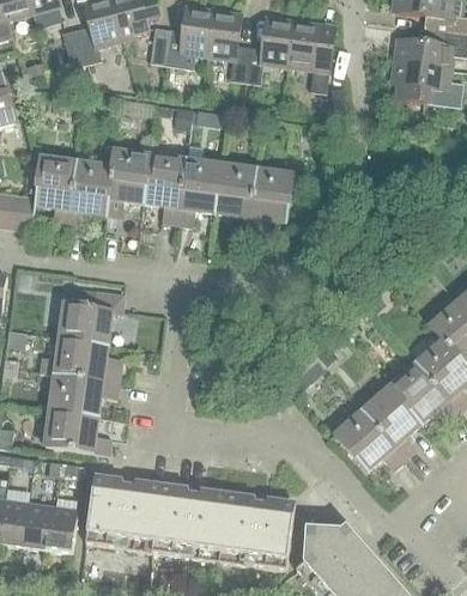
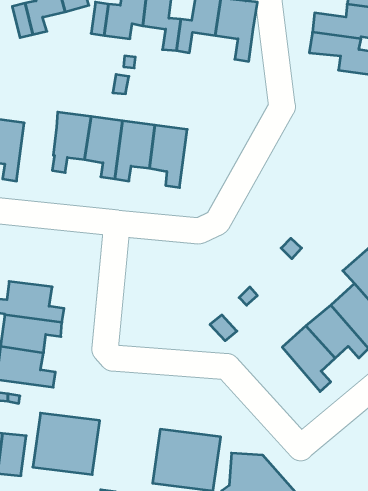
building: [67,159,111,226] -> none
building: [248,166,292,233] -> none
building: [59,288,123,341] -> none
building: [334,408,404,468] -> none
building: [151,489,226,559] -> none

